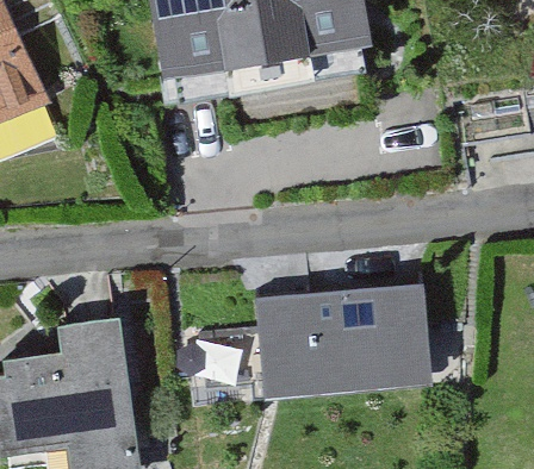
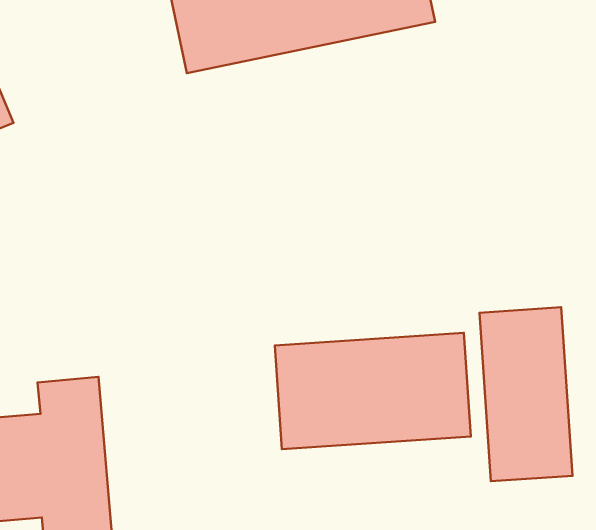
building: none -> [480,307,573,481]

